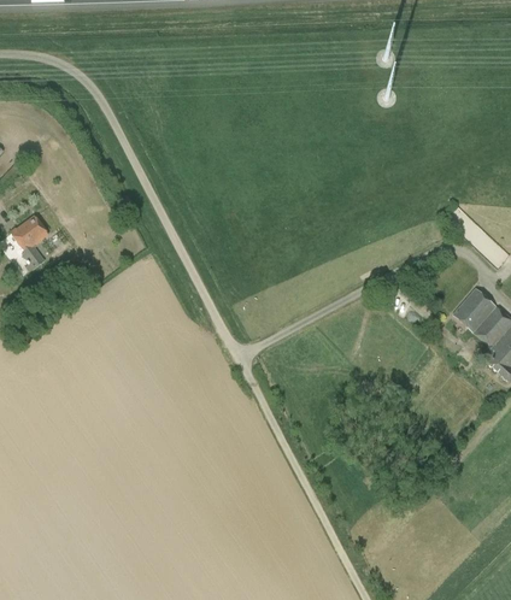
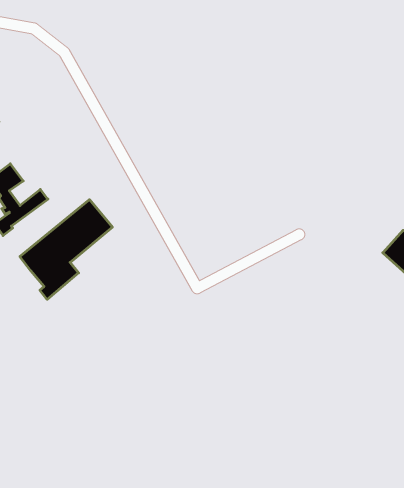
building: none -> [20,200,112,299]

